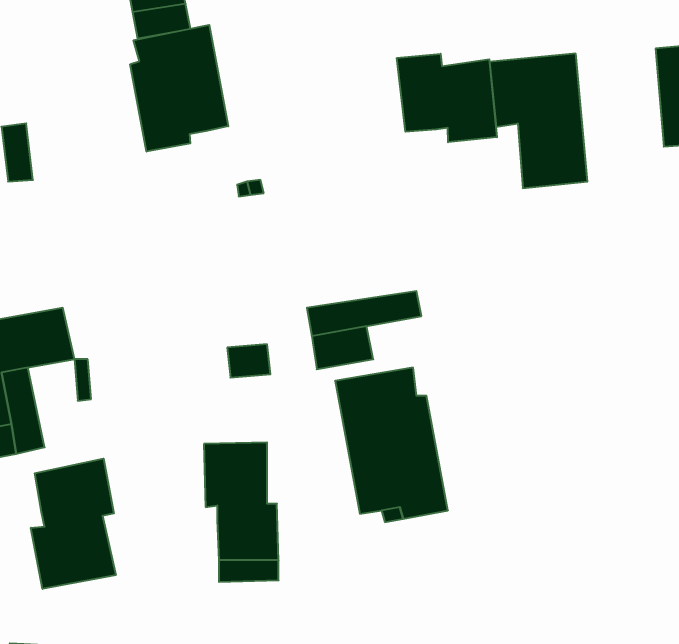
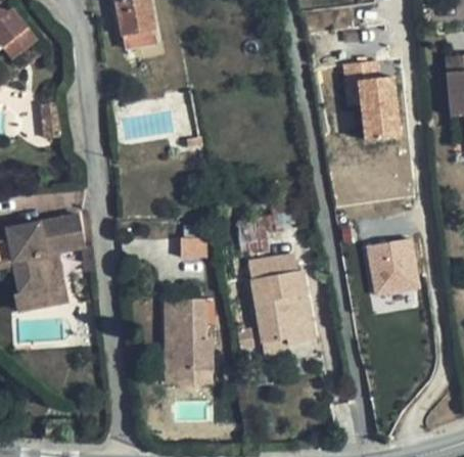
building: [130,25,228,152] -> none
building: [397,54,497,142] -> none
building: none -> [366,238,418,295]
building: [31,459,116,589] -> none

